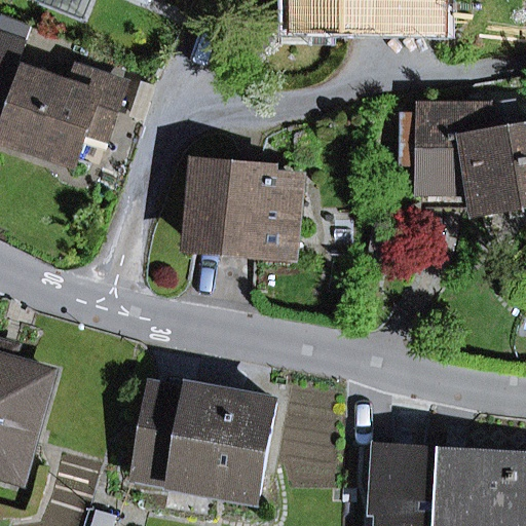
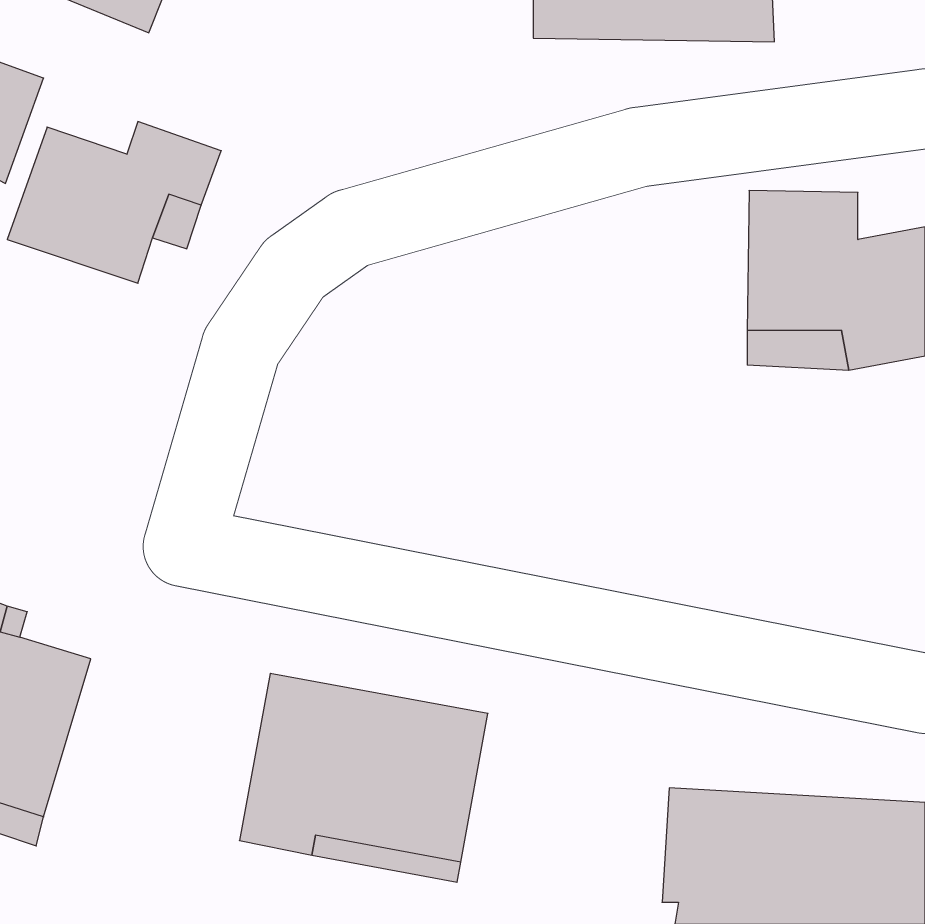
building: [193,165,298,253] -> none

